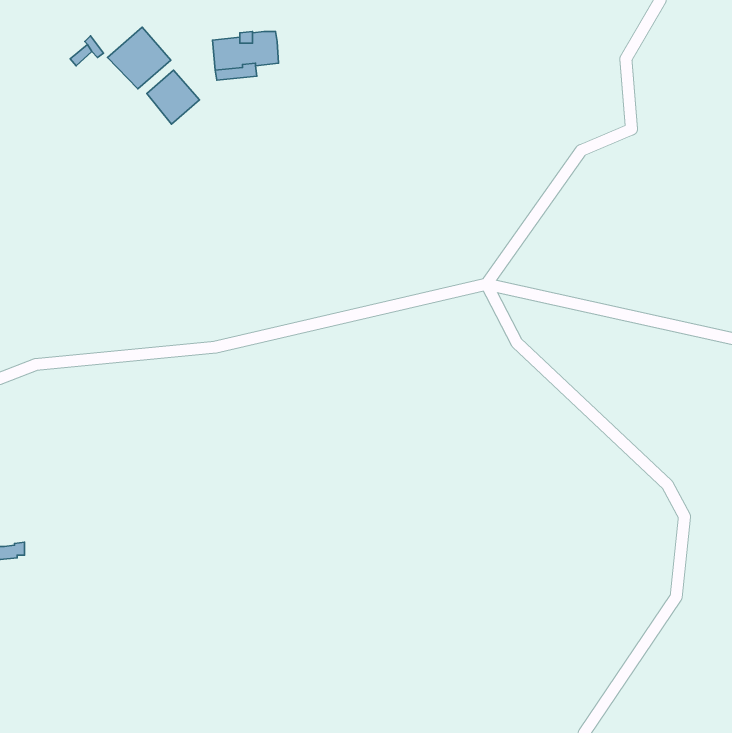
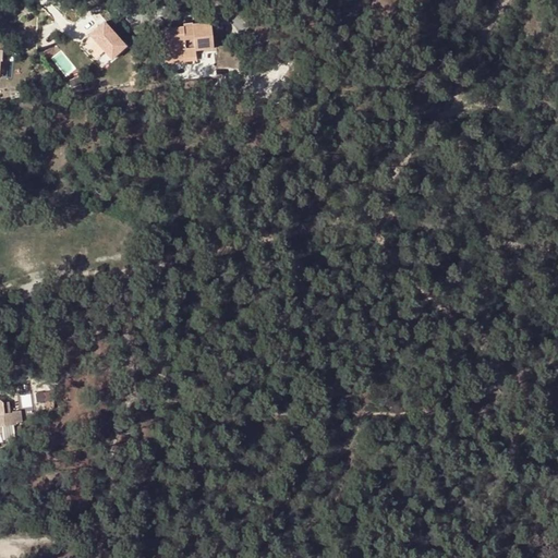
building: [147,70,200,124] -> none

